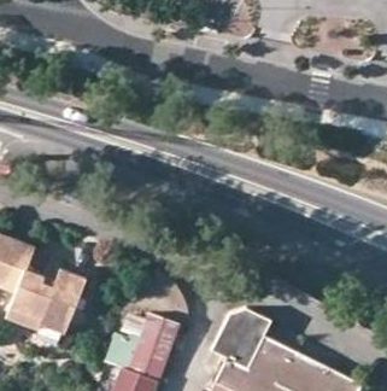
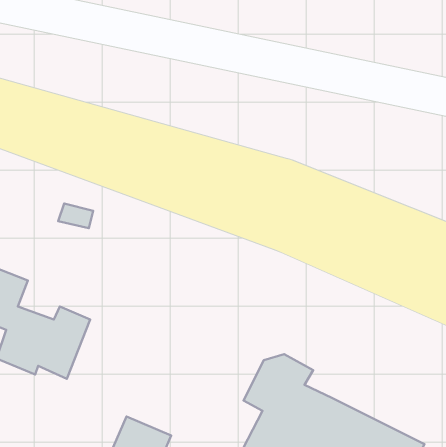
building: [116,307,177,379] -> none

